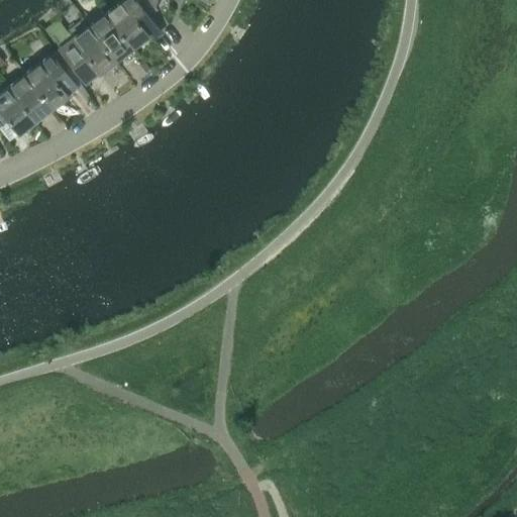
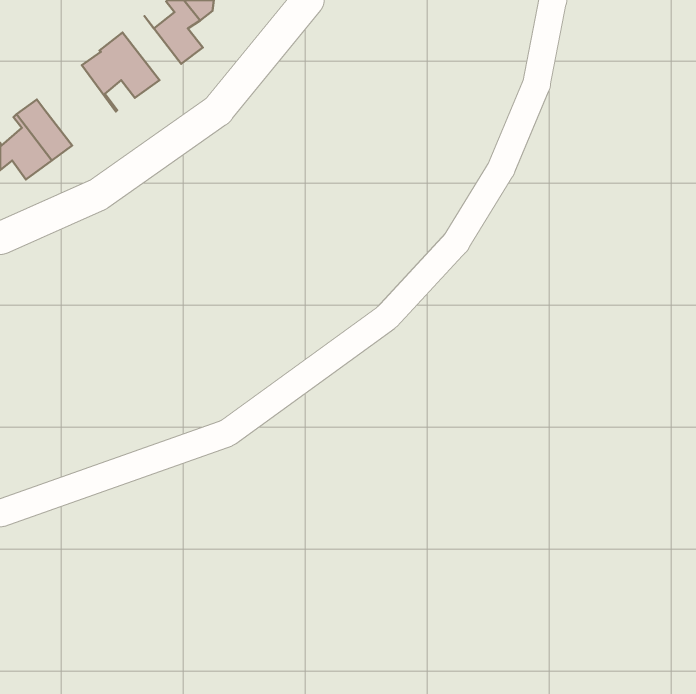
building: [91,13,134,61] -> none
building: [27,56,77,109] -> none

